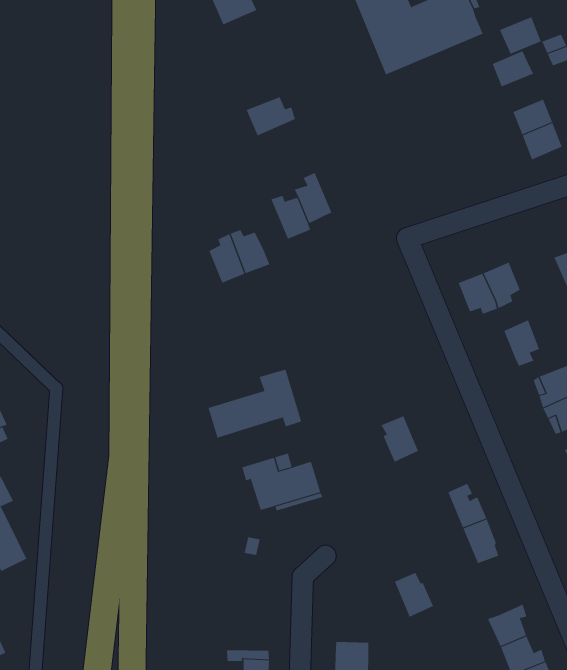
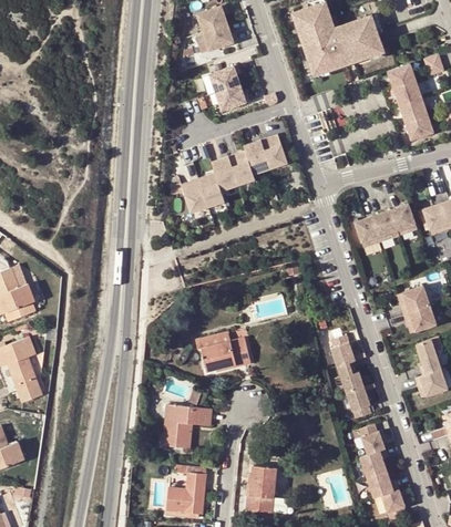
building: none -> [202,23,236,50]
building: [499,17,541,55] -> [392,80,421,105]
building: none -> [207,64,239,92]
building: none -> [259,136,286,167]
building: none -> [212,155,237,190]
building: [504,320,540,366] -> [390,203,414,235]
building: [208,369,302,439] -> none
building: [381,416,419,462] -> [329,334,355,366]
building: none -> [164,405,212,447]
building: [394,572,434,617] -> [358,423,385,454]

